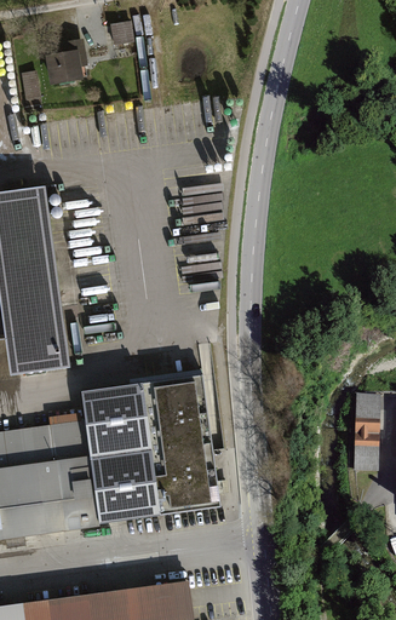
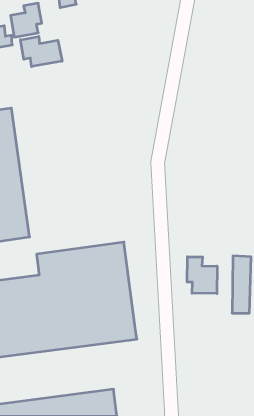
building: none -> [20,36,62,67]
building: none -> [187,257,217,294]

